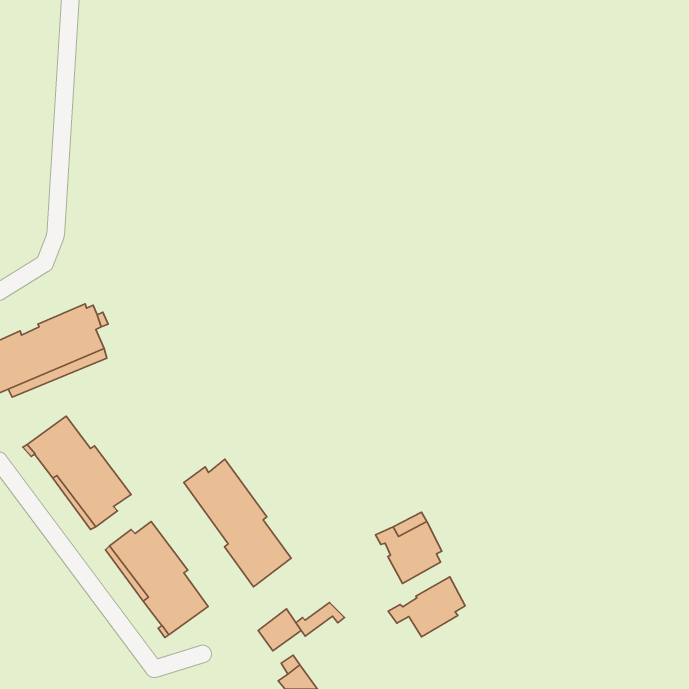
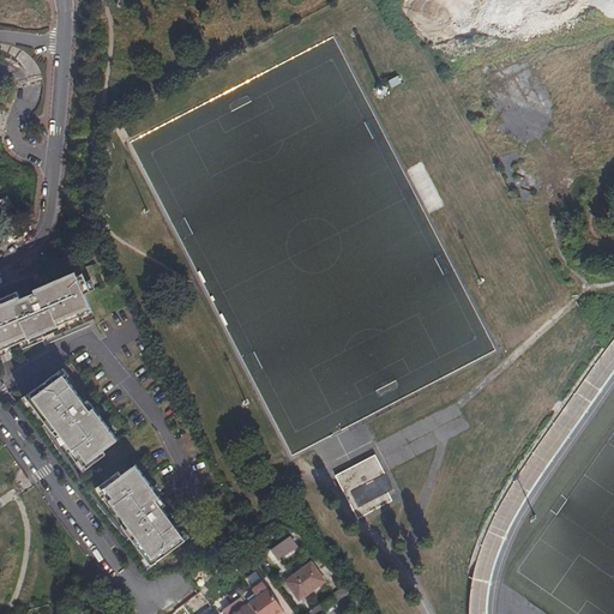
building: [184,459,291,587] -> none
building: [388,577,465,637] -> none
building: [258,609,301,651] -> [284,562,323,600]

